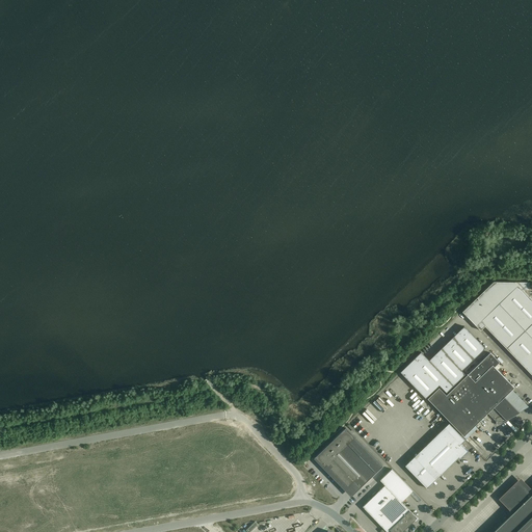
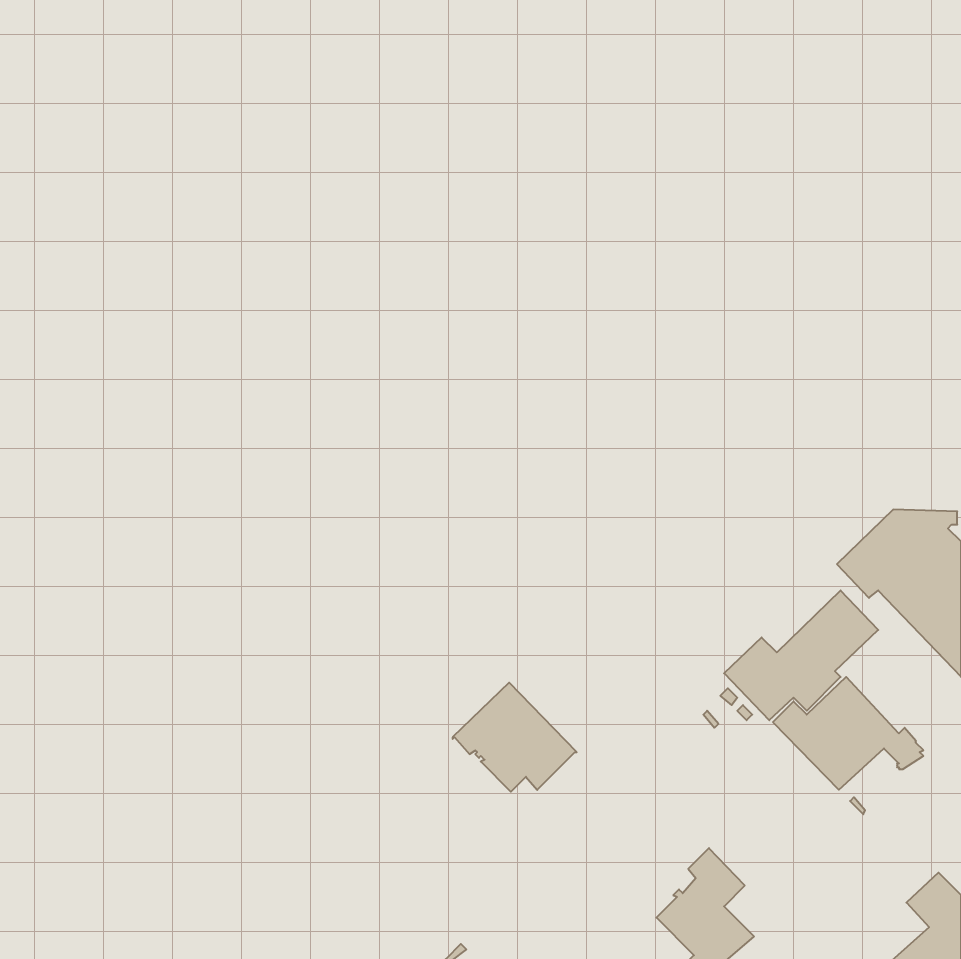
building: [468,353,520,419] -> none
building: [404,411,468,489] -> none
building: [314,429,382,489] -> [453,683,577,792]

